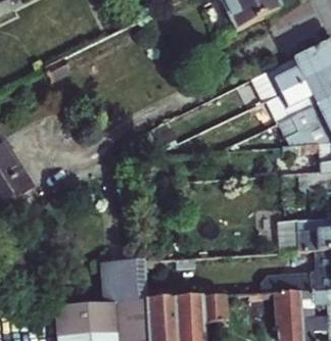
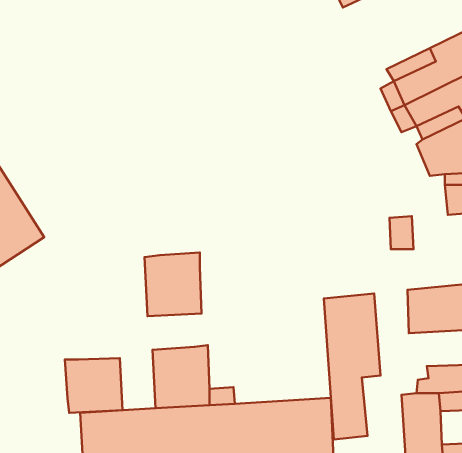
building: none -> [145,252,202,316]
building: none -> [324,293,381,440]
building: none -> [65,358,122,413]

